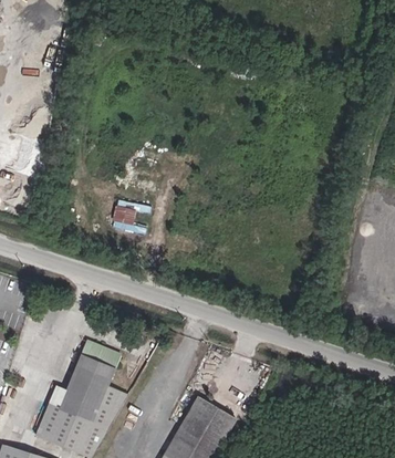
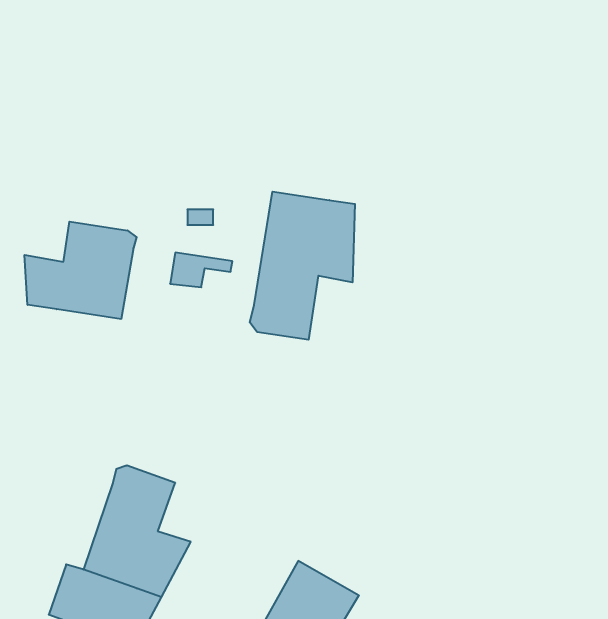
building: none -> [250,192,355,340]
building: none -> [25,222,137,319]

